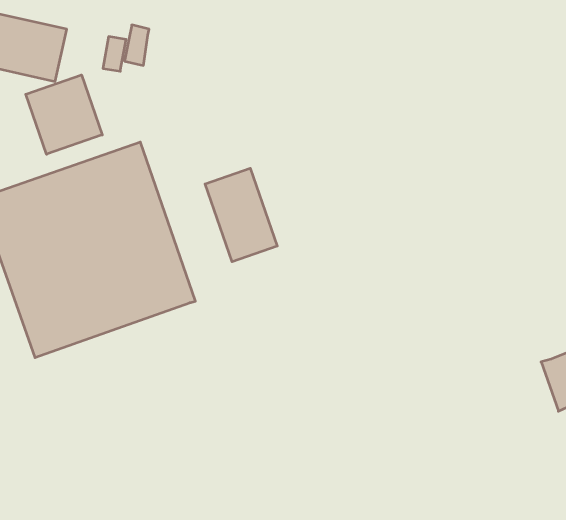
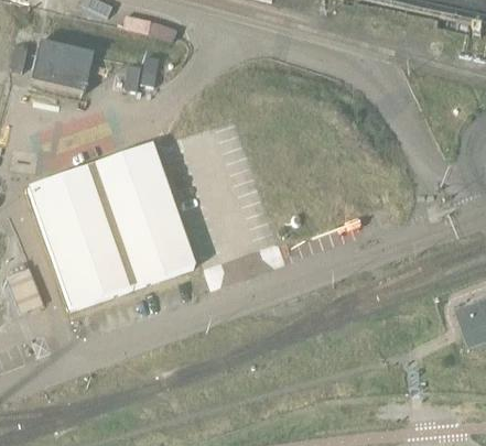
building: [26,75,102,154] -> none
building: [205,168,277,262] -> none

